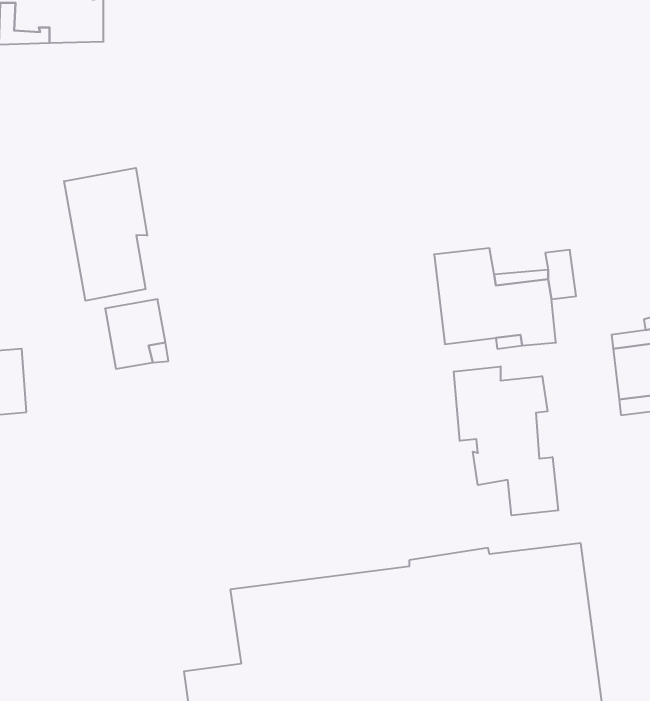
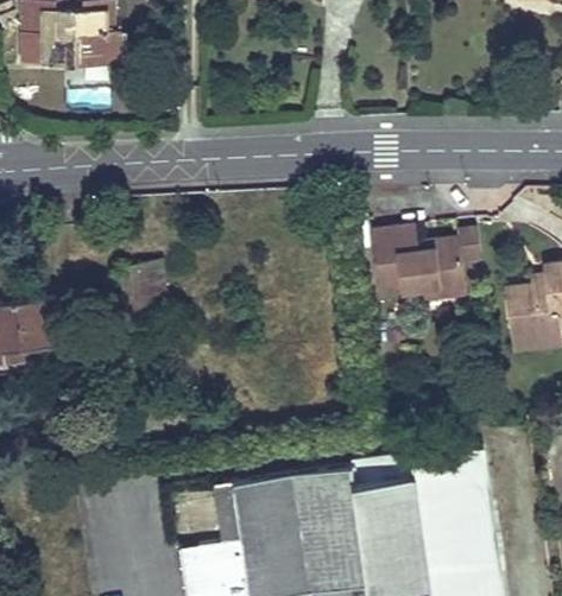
building: [64,168,147,301] -> none
building: [454,366,558,515] -> none

